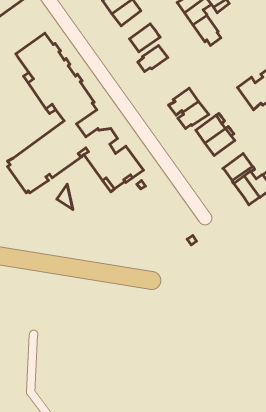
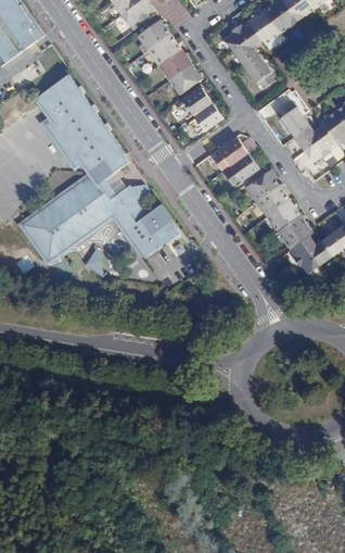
building: none -> [157,48,191,80]
building: none -> [277,101,309,137]
building: none -> [188,102,222,135]
building: none -> [266,199,299,231]

